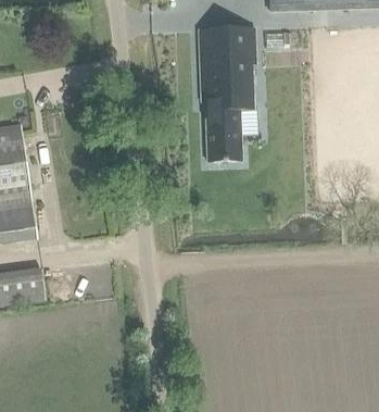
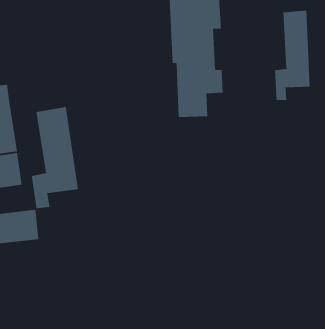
building: none -> [275,10,310,101]
building: none -> [31,106,78,209]

